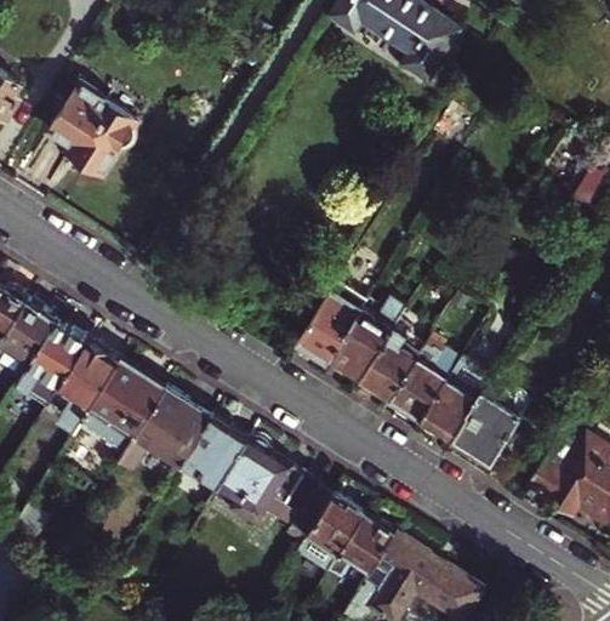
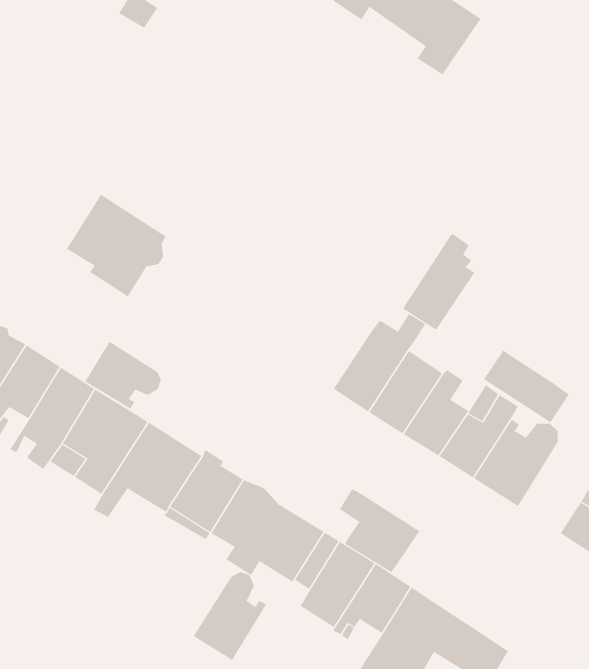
building: [49,87,137,178] -> [66,194,167,297]
building: [298,275,363,361] -> [402,233,475,331]
building: none -> [84,341,162,409]
building: none -> [483,350,570,423]
building: none -> [339,489,420,573]
building: none -> [193,571,267,661]

